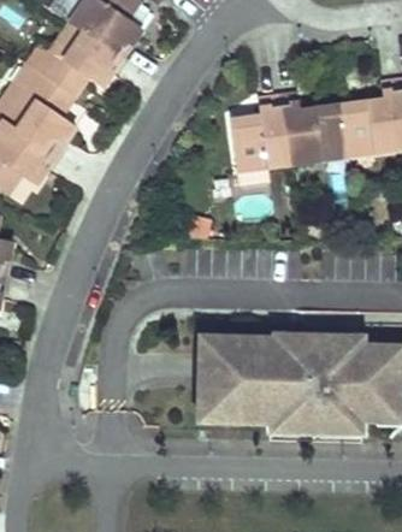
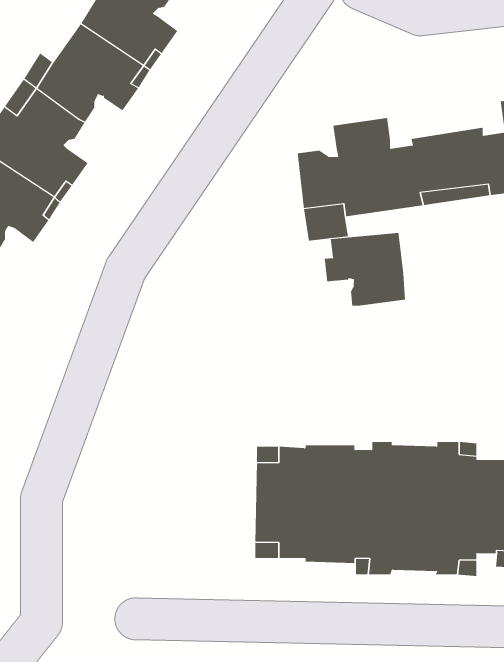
building: none -> [324,232,405,306]

